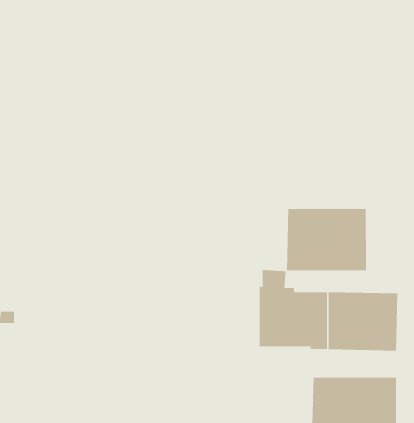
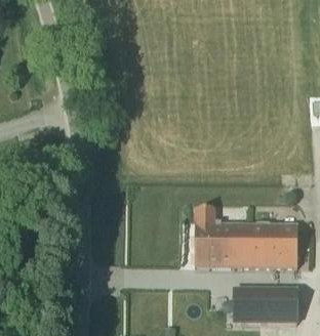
building: [287,208,367,271] -> none

